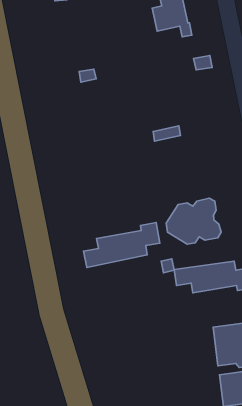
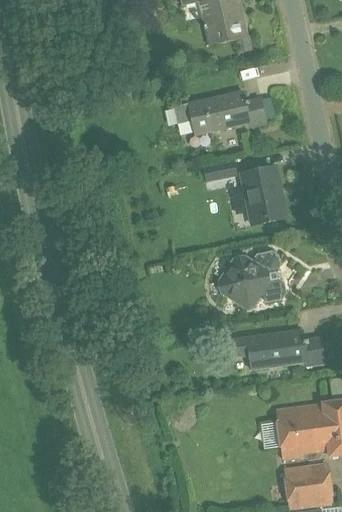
building: none -> [173,90,264,133]
building: none -> [241,165,286,223]
building: [83,223,160,267] -> none

